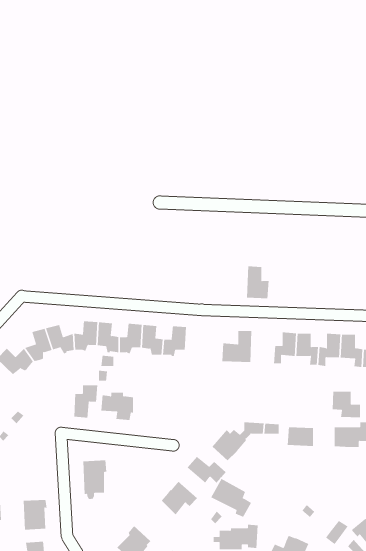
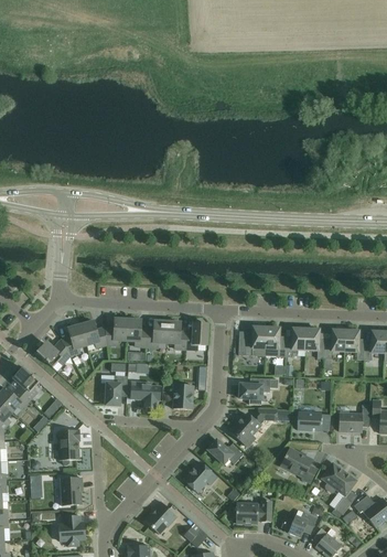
building: [246,266,270,299] -> [265,326,286,356]
building: none -> [239,377,278,404]
building: [332,391,360,418] -> none
building: none -> [173,384,193,409]
building: [83,460,107,499] -> [58,429,80,464]
building: [210,478,252,518] -> [280,447,318,482]
building: none -> [322,462,356,495]

